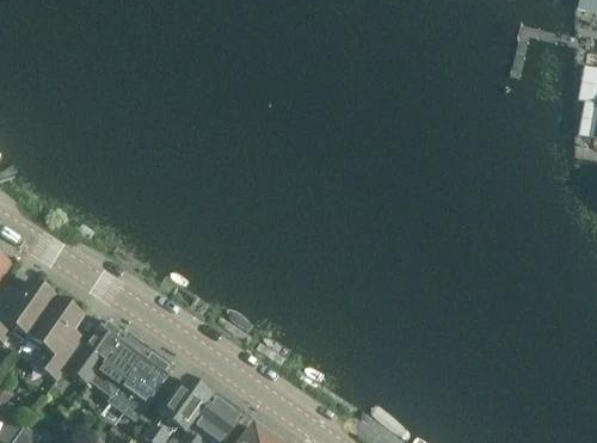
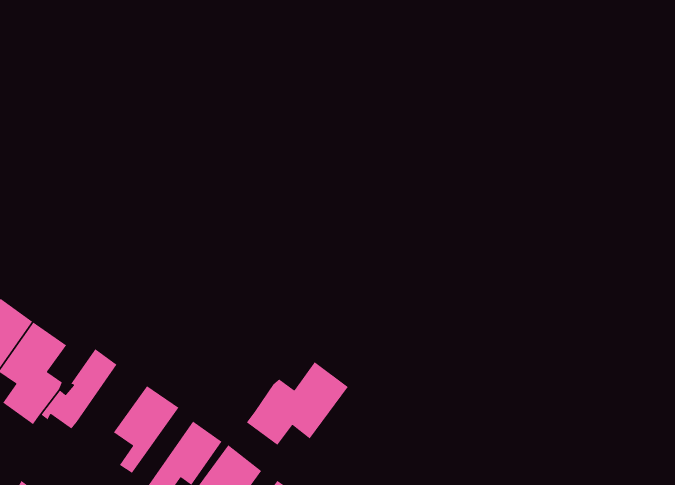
building: none -> [246,361,349,446]
building: [92,332,148,394] -> none

